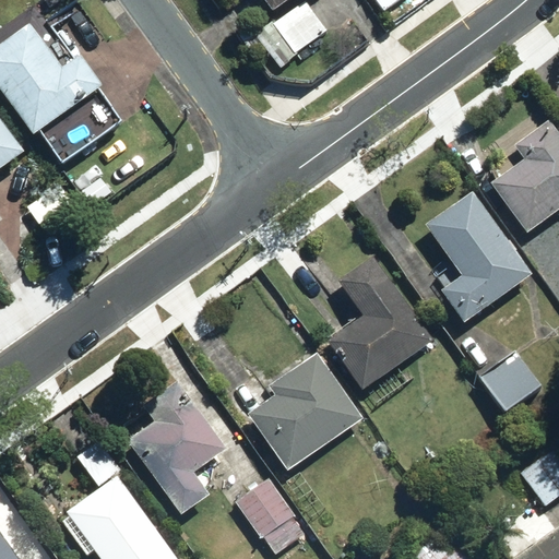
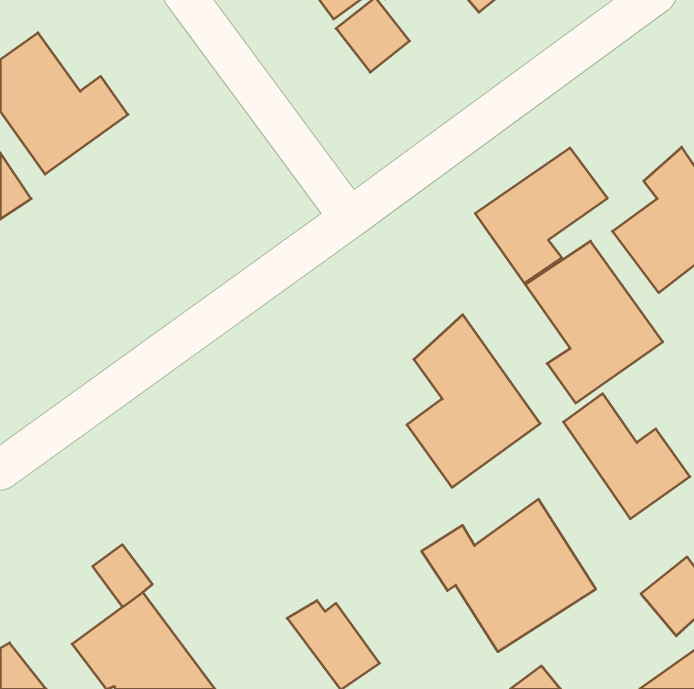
building: none -> [475,148,607,283]
building: [224,346,364,468] -> [422,499,596,652]
building: [127,376,227,514] -> none

